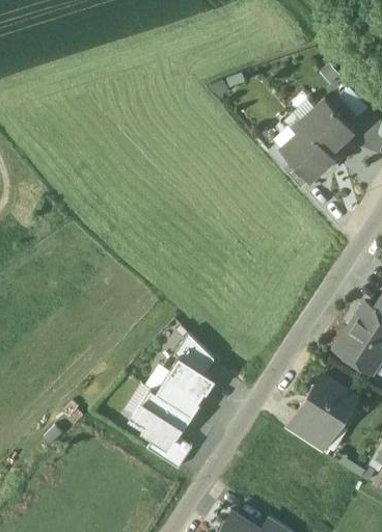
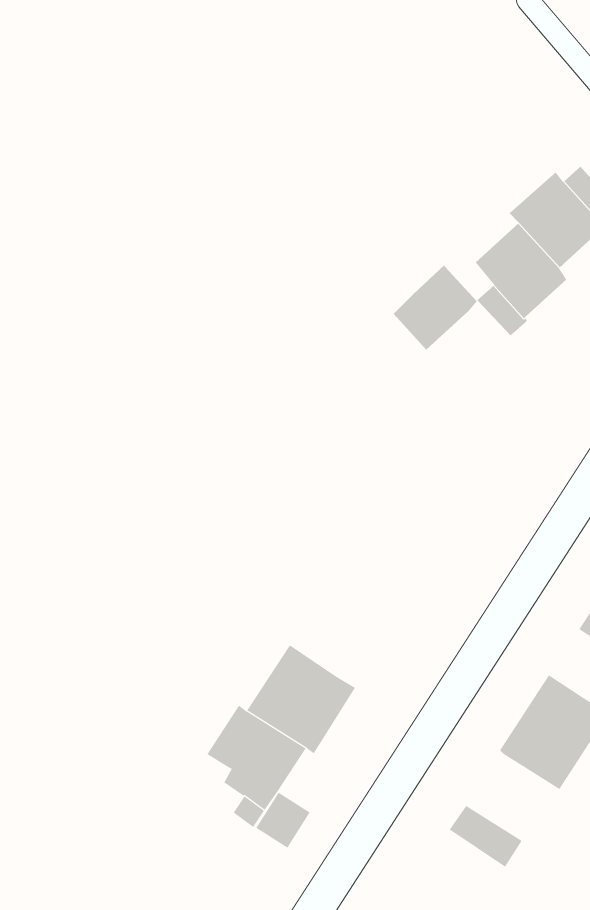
building: none -> [393,265,478,350]
building: [175,334,215,374] -> none
building: [288,417,328,451] -> [449,805,523,867]

